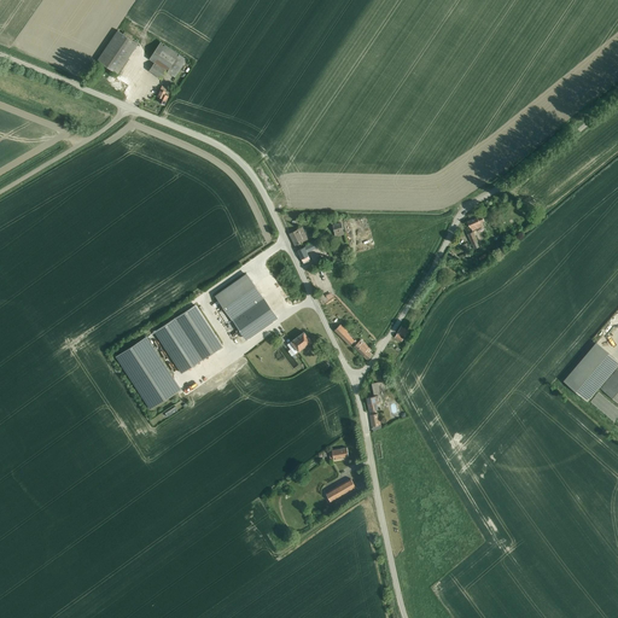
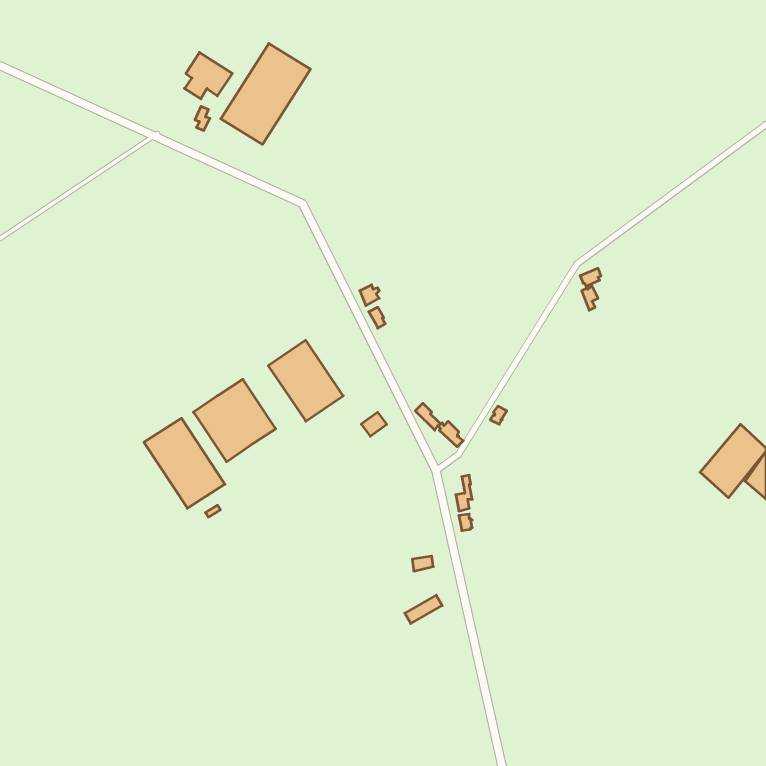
building: [97,30,138,75] -> none
building: none -> [221,43,310,144]

